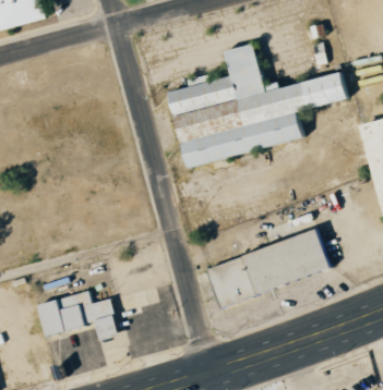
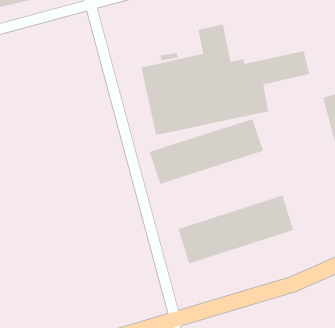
building: none -> [149,118,264,185]
building: [37,292,118,341] -> none

